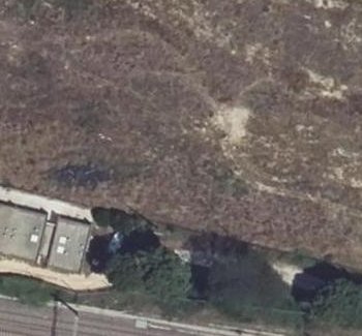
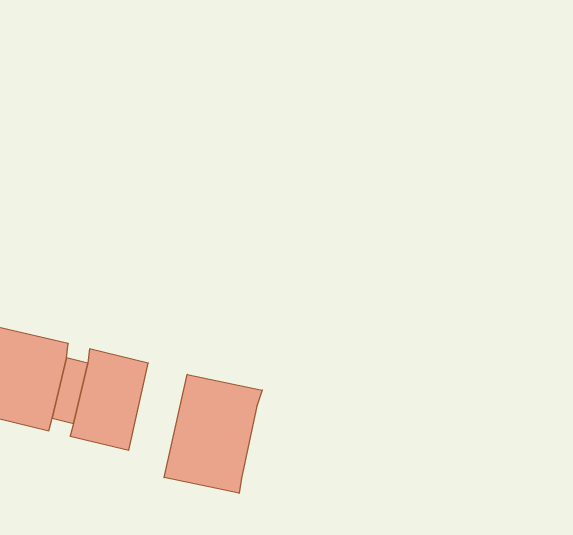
building: none -> [164,374,262,493]

